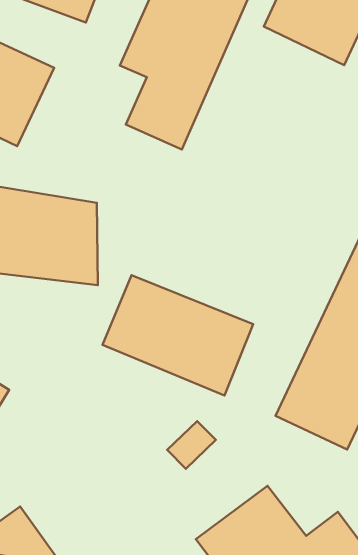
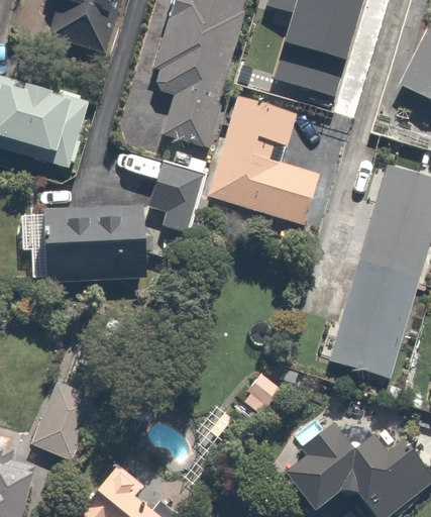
building: none -> [293,62,345,109]
building: none -> [211,94,319,222]
building: none -> [150,160,209,232]
building: [102,275,253,395] -> none

